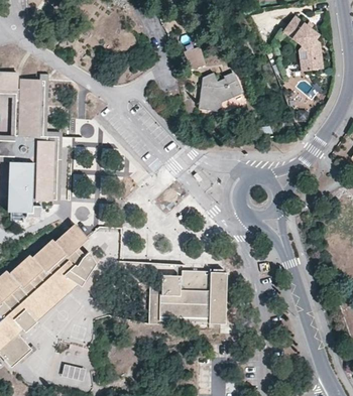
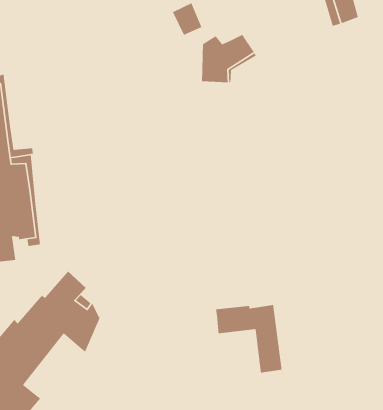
building: [30,273,77,318] -> none
building: [148,275,209,324] -> none

